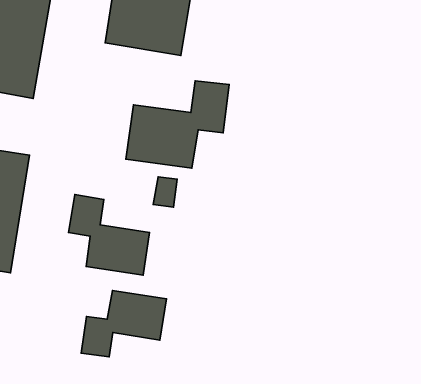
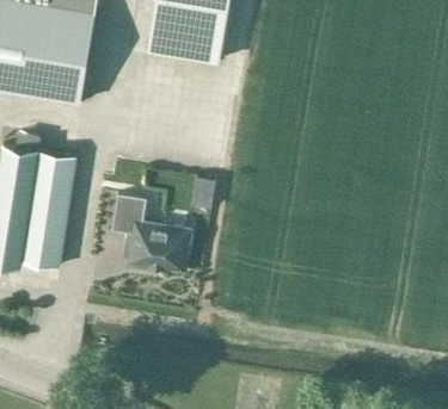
building: [126,81,229,168] -> none
building: [81,291,166,357] -> none

